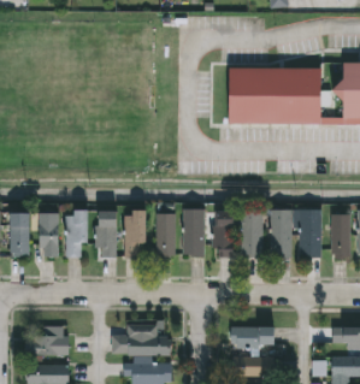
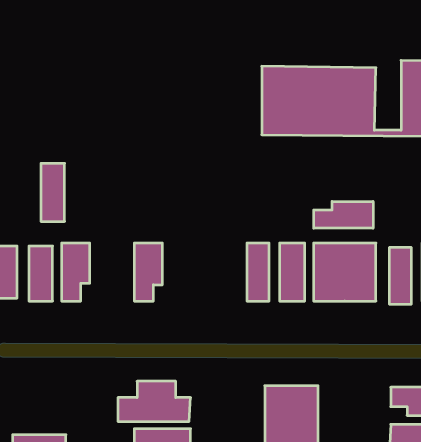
building: none -> [314,201,373,228]
building: [183,209,203,256] -> none
building: [98,211,117,258] -> [41,163,65,221]
building: [155,213,175,258] -> none
building: [29,336,67,356] -> none

